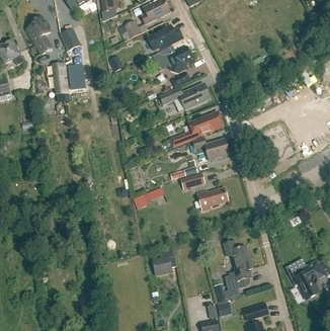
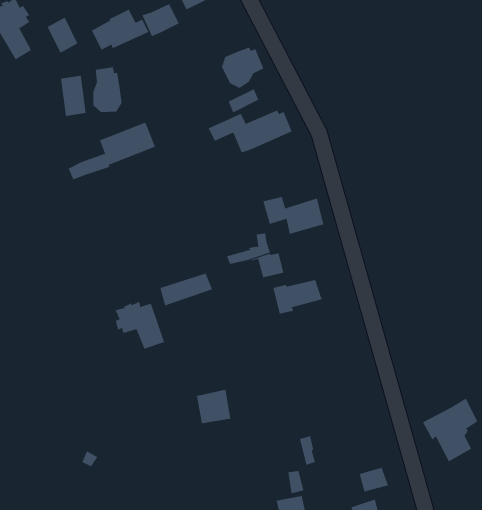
building: [148,23,183,49] -> [91,9,149,50]
building: none -> [93,66,122,113]
building: [170,110,224,146] -> [68,122,156,180]
building: none -> [115,301,165,350]
building: [224,240,253,291] -> none

